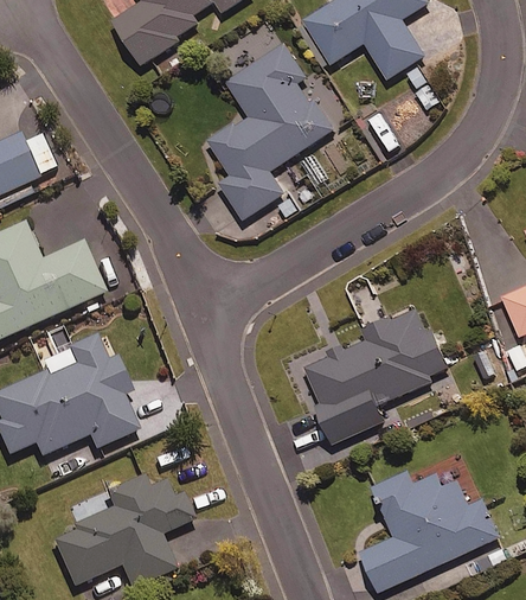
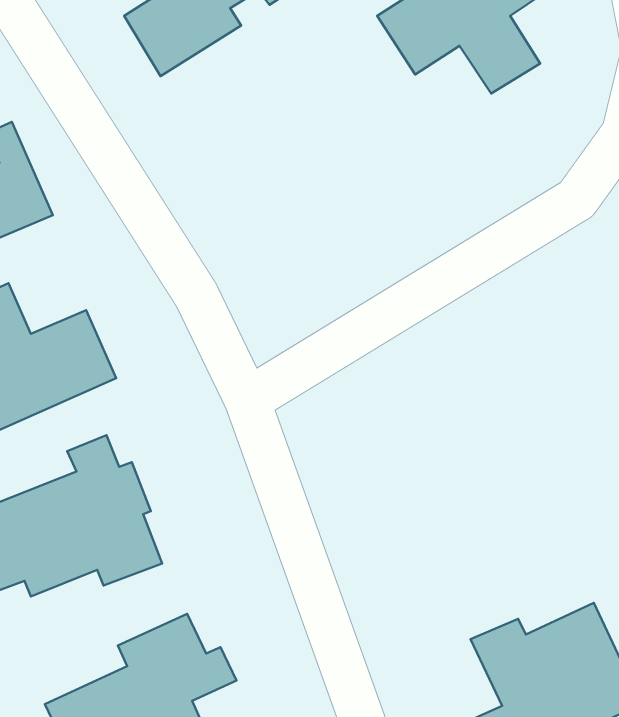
building: [205,43,332,221] -> none
building: [301,304,448,445] -> none

